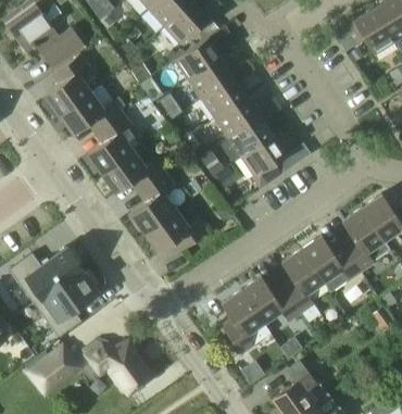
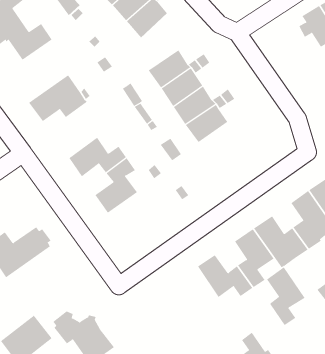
building: [175,26,230,79] -> none
building: [46,54,91,114] -> none
building: [88,113,142,174] -> none
building: [242,135,289,189] -> none
building: [145,211,208,253] -> none
building: [35,269,100,337] -> none
building: [222,291,264,355] -> [266,267,305,326]

